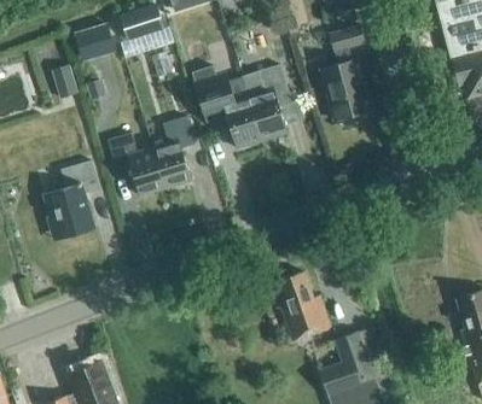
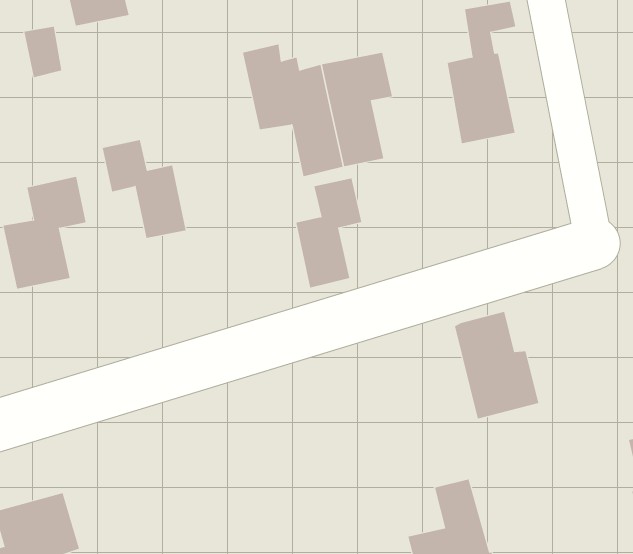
building: [153,116,196,188] -> [296,178,362,288]
building: [273,271,331,341] -> [454,311,539,419]

